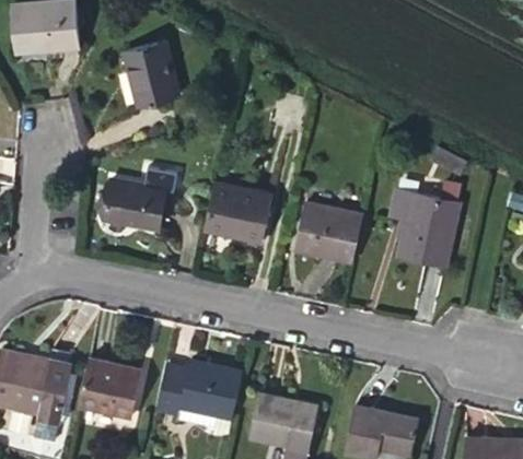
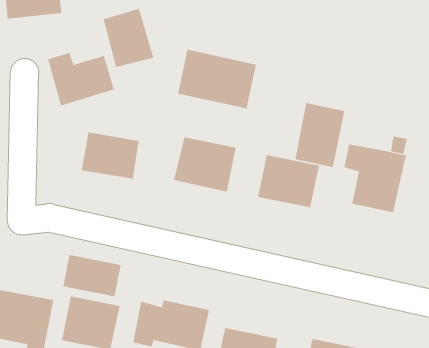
building: none -> [177,49,256,109]
building: none -> [47,52,114,107]
building: none -> [295,102,345,168]
building: none -> [63,254,121,297]

